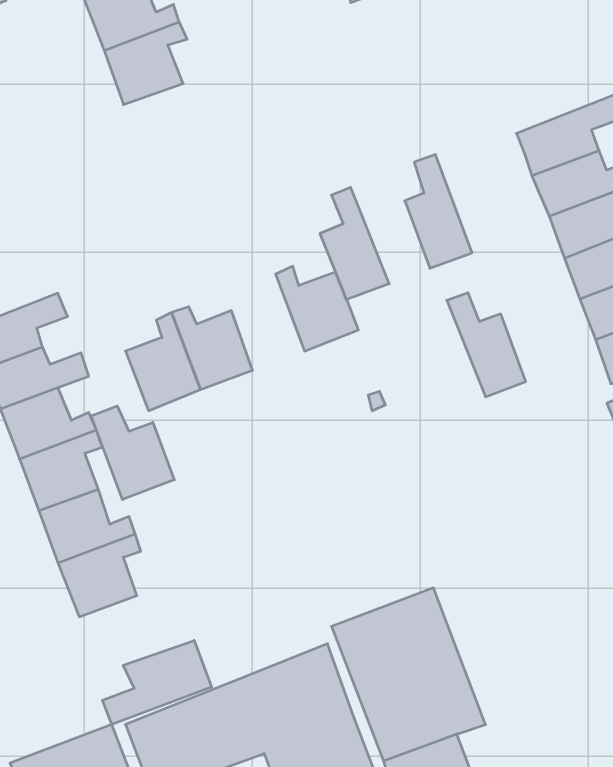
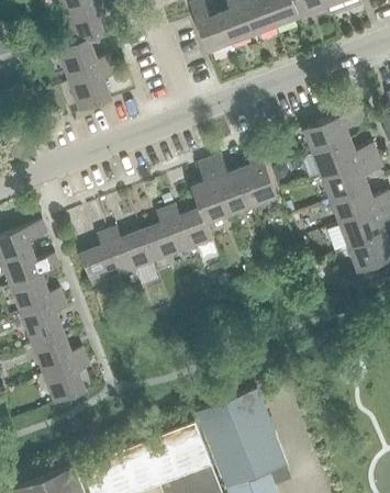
building: none -> [141,209,182,264]
building: [447,293,526,397] -> [209,155,254,214]
building: [91,406,174,500] -> none
building: [102,640,212,725] -> none

